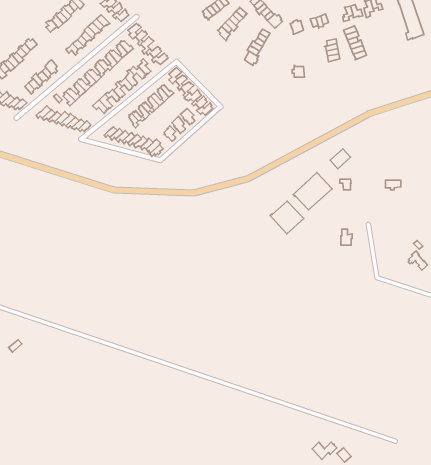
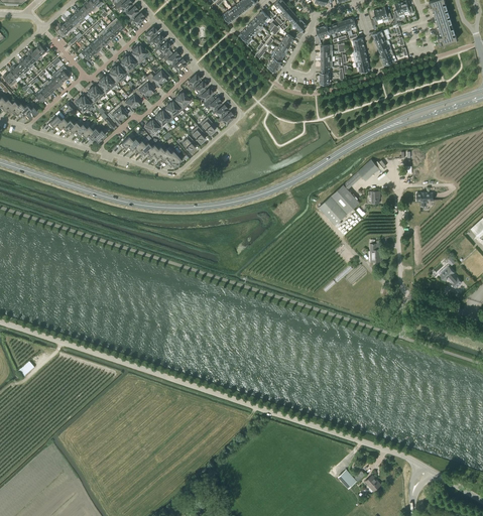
building: [270,201,304,234] -> none

